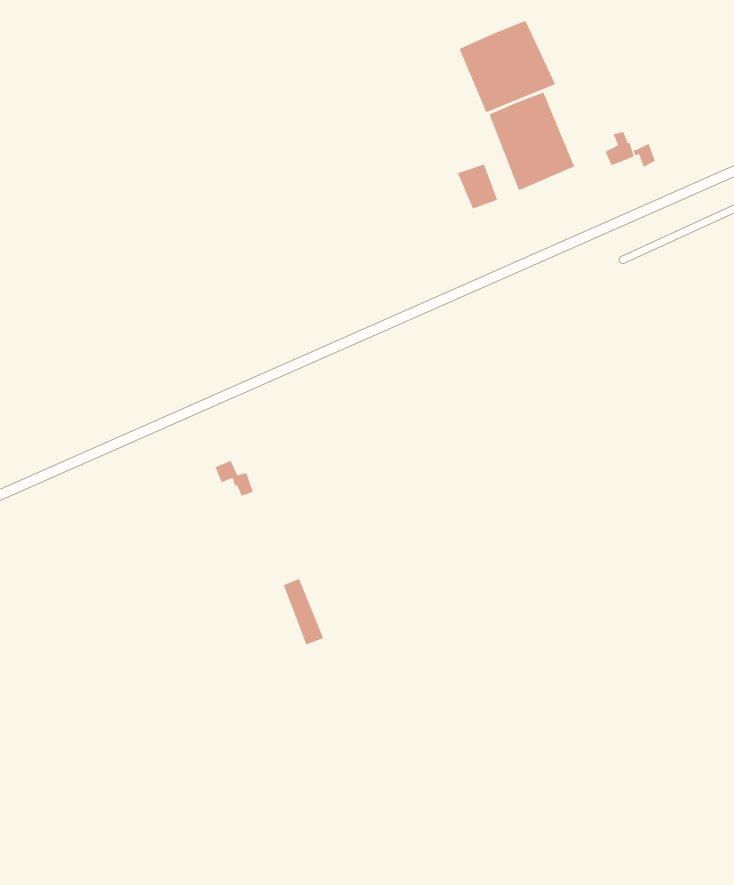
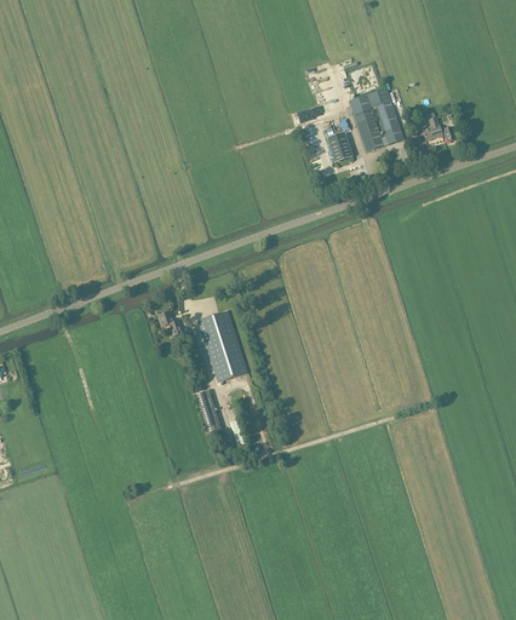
building: [458,20,556,113] -> none
building: none -> [197,309,247,380]

